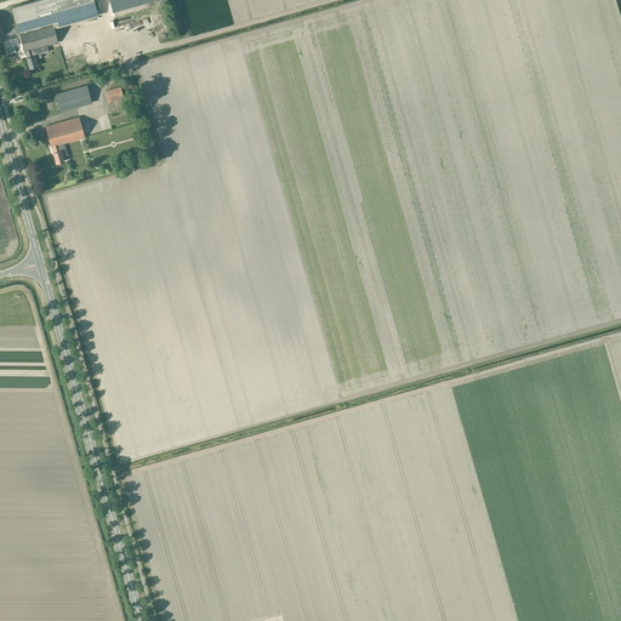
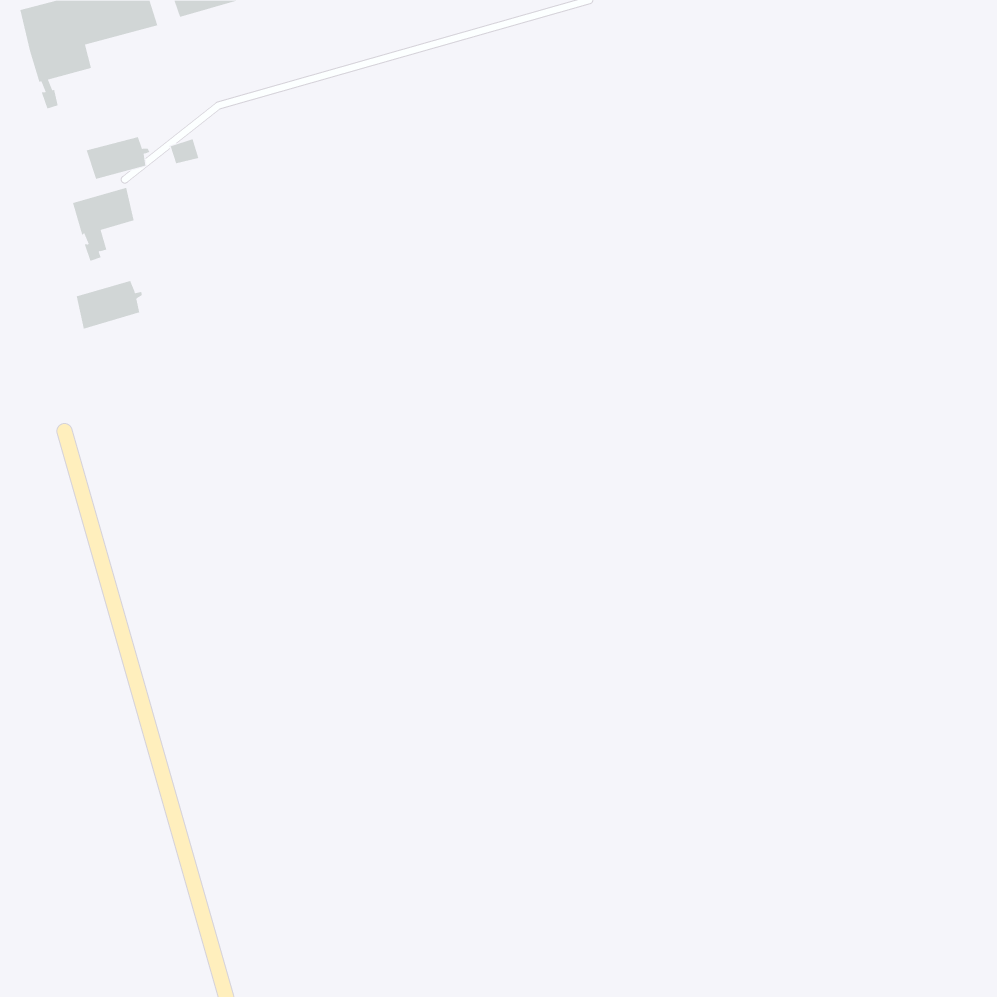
building: none -> [76,280,142,329]

